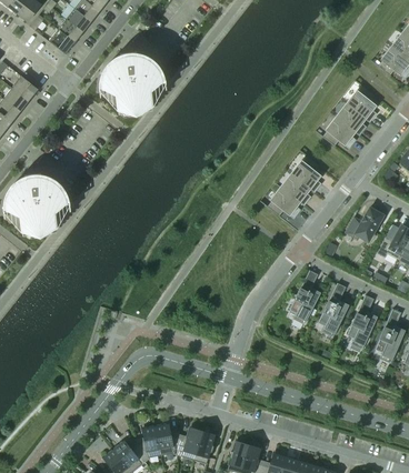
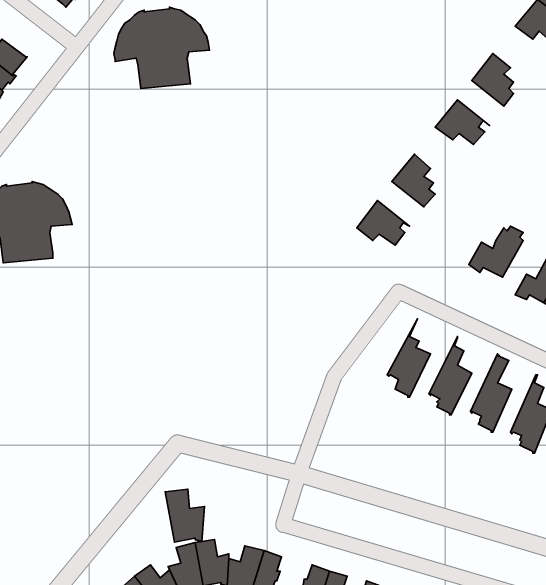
building: [337,104,369,135] -> none
building: [281,174,313,205] -> none
building: none -> [165,489,204,542]

